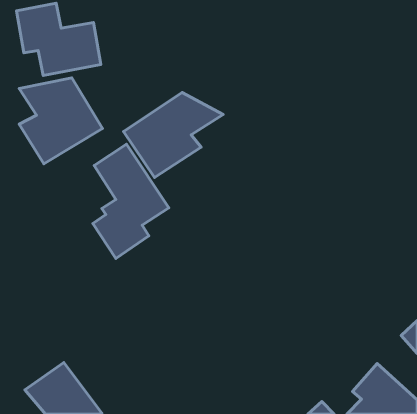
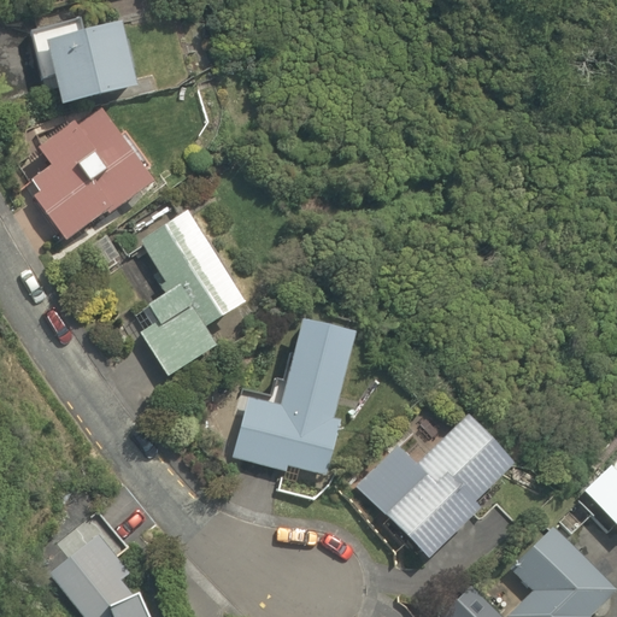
building: [124,92,223,178] -> none
building: none -> [225,324,363,474]
building: none -> [348,421,511,559]

